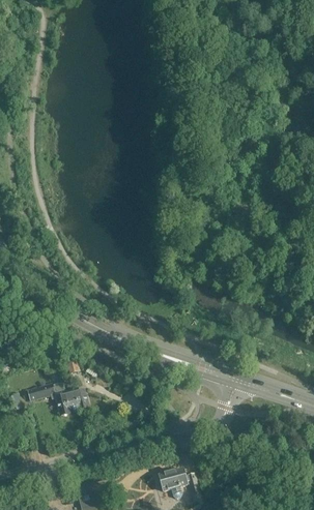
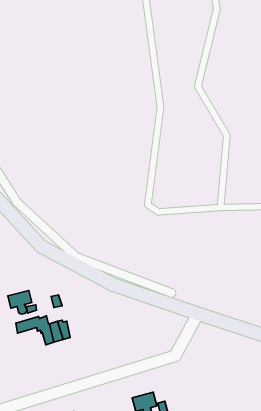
building: none -> [8,291,32,314]

